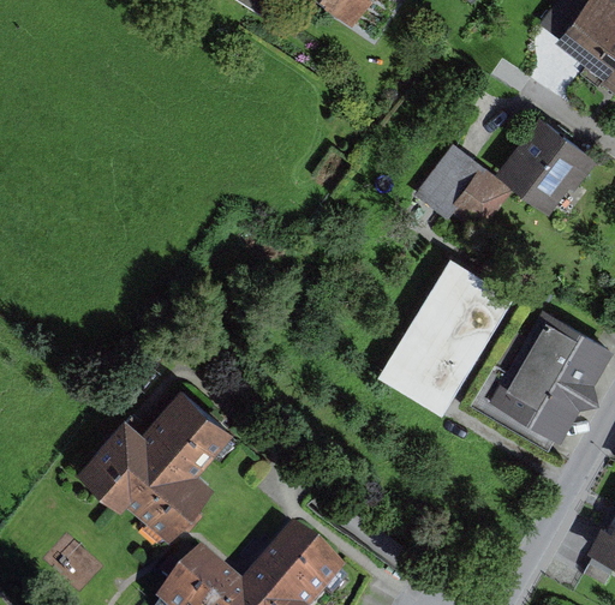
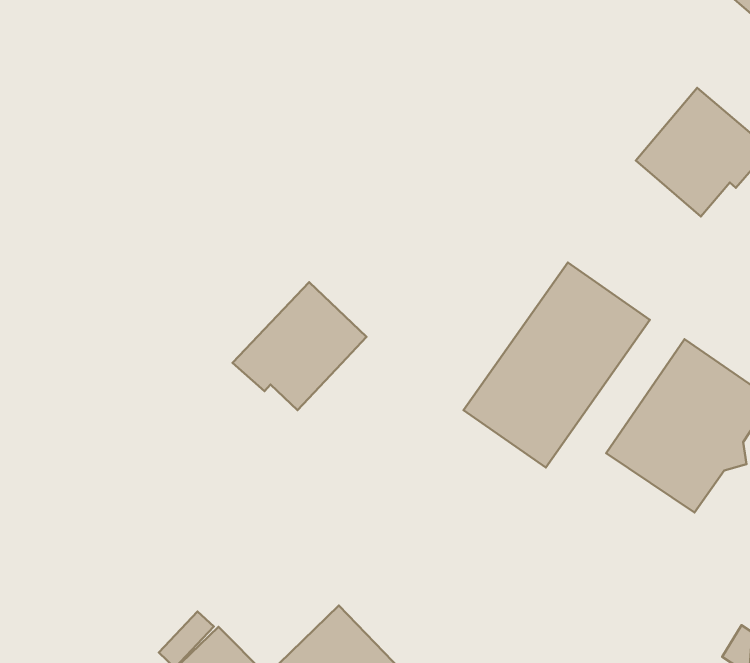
building: [416,145,515,235] -> none
building: none -> [233,282,367,410]
building: [74,389,232,540] -> none

